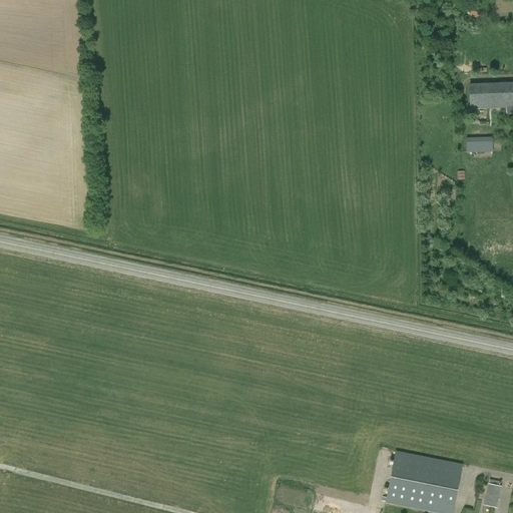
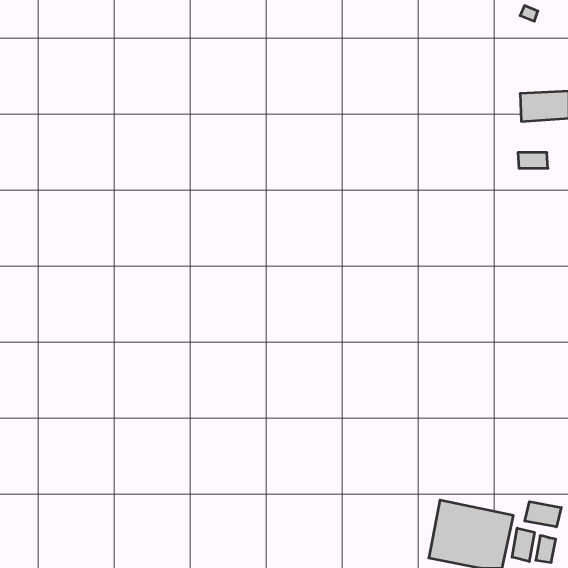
building: none -> [525,502,561,527]
building: none -> [512,528,534,562]

